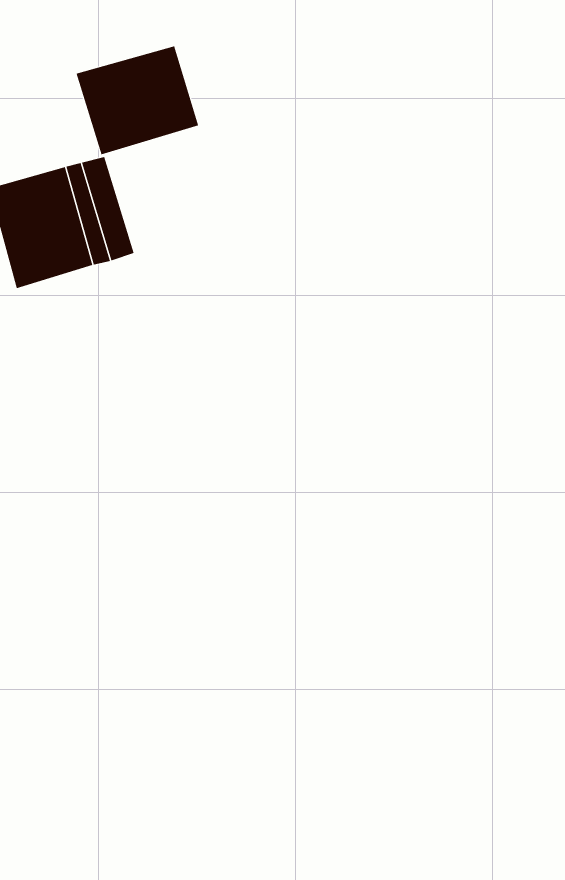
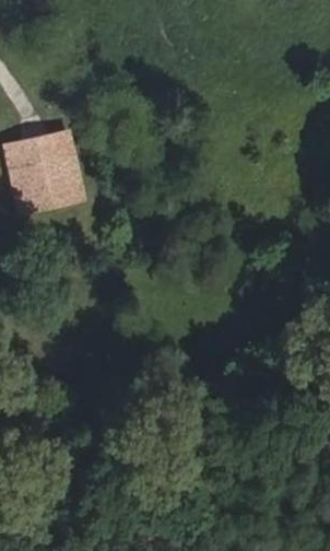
building: [76,45,199,155] -> none

